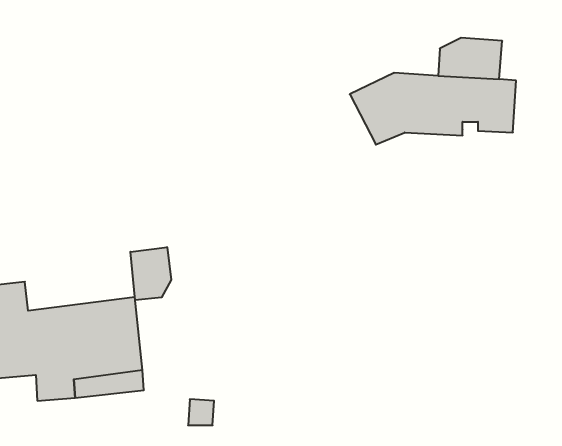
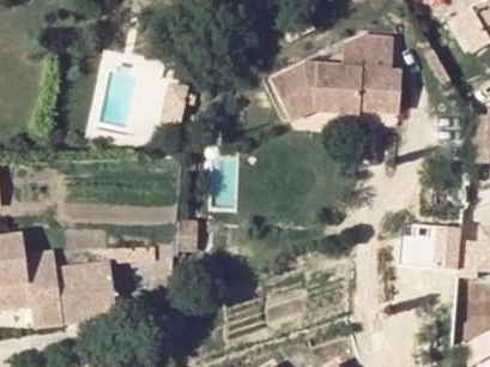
building: [130,247,171,300] -> none

